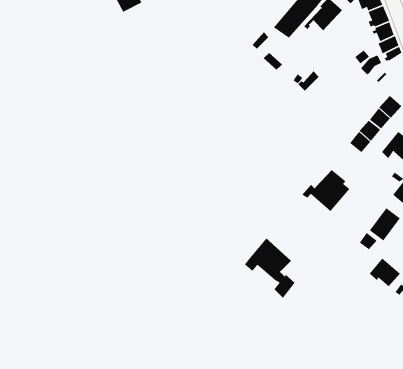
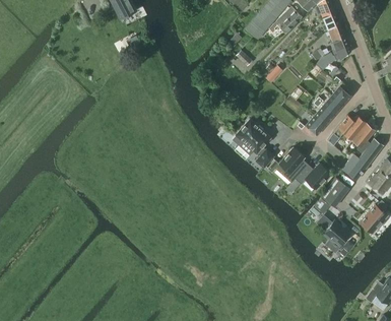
building: none -> [296,163,330,189]
building: [244,237,296,299] -> [232,118,274,169]

